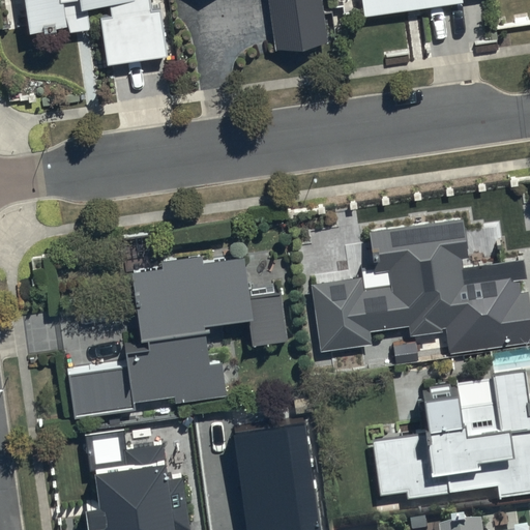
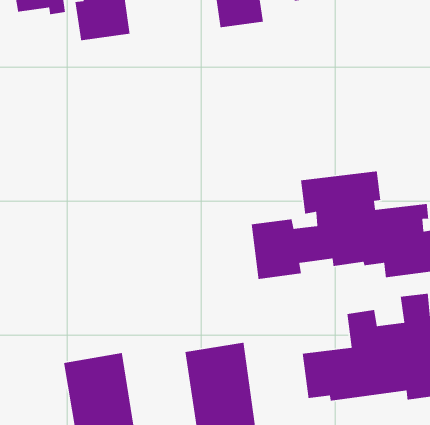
building: [69,255,288,416] -> none

